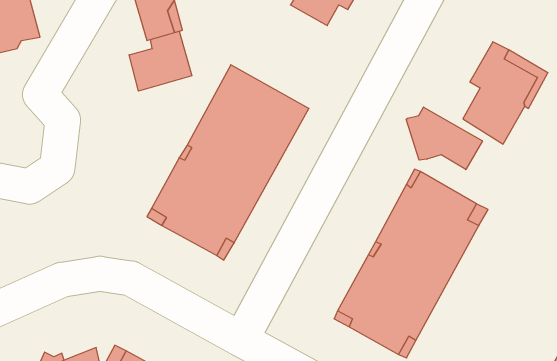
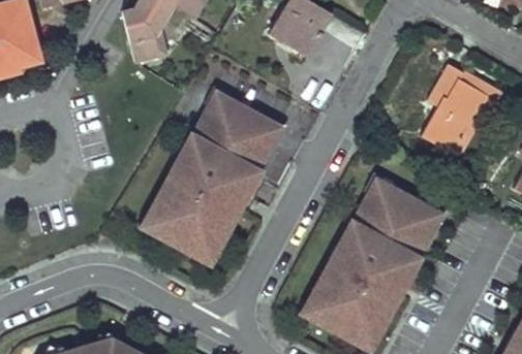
building: [129,31,192,91] -> none
building: [406,107,482,170] -> none

